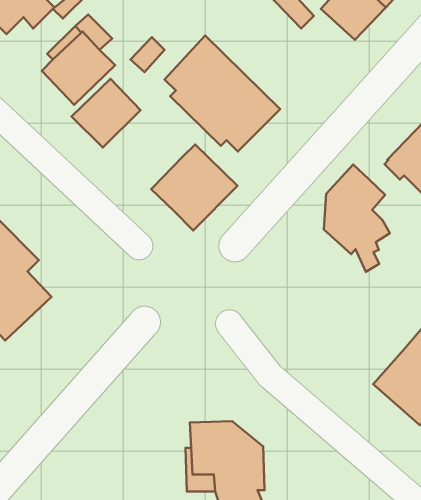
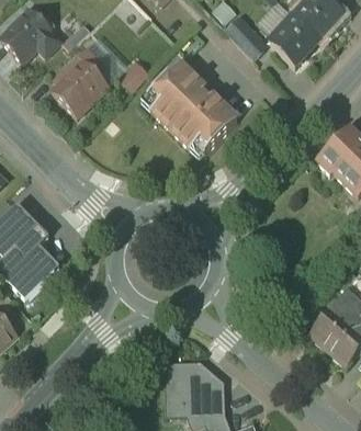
building: [72,79,140,147] -> none
building: [151,145,237,231] -> none
building: [324,164,390,272] -> none

